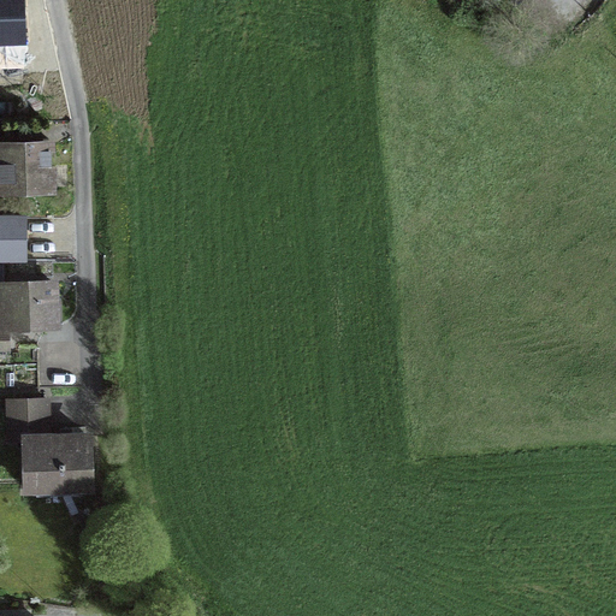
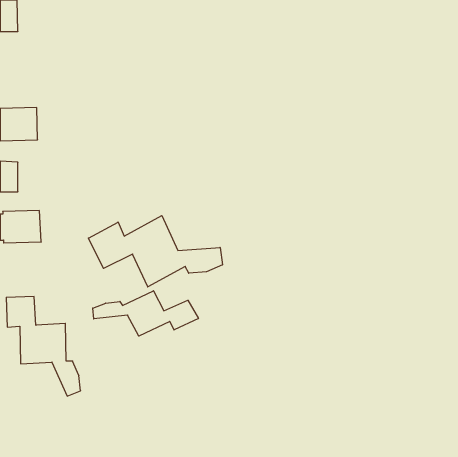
building: none -> [88,216,222,287]
building: none -> [93,291,198,336]

